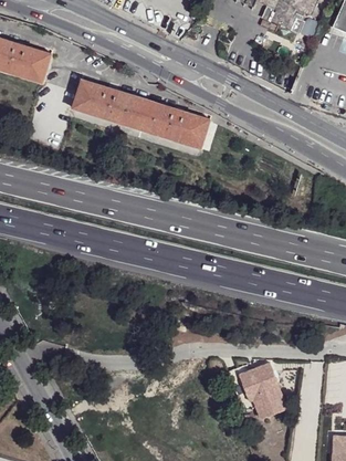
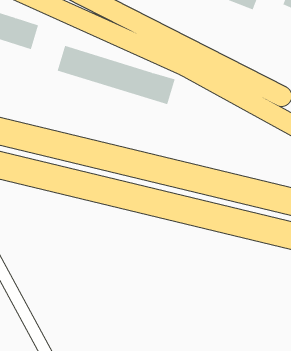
building: [238,360,286,417] -> none

